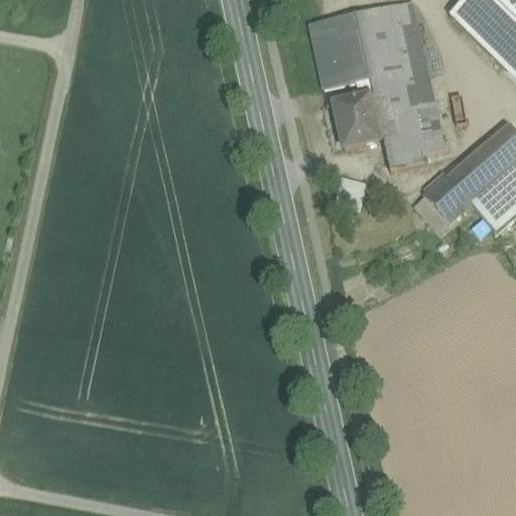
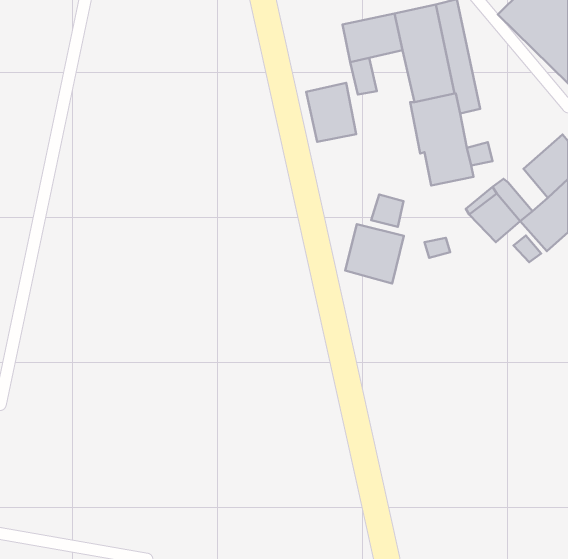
building: [335,45,372,83] -> none
building: [336,93,381,146] -> [306,83,356,142]
building: [417,99,442,134] -> none
building: [461,153,497,191] -> none
building: none -> [345,224,404,284]

